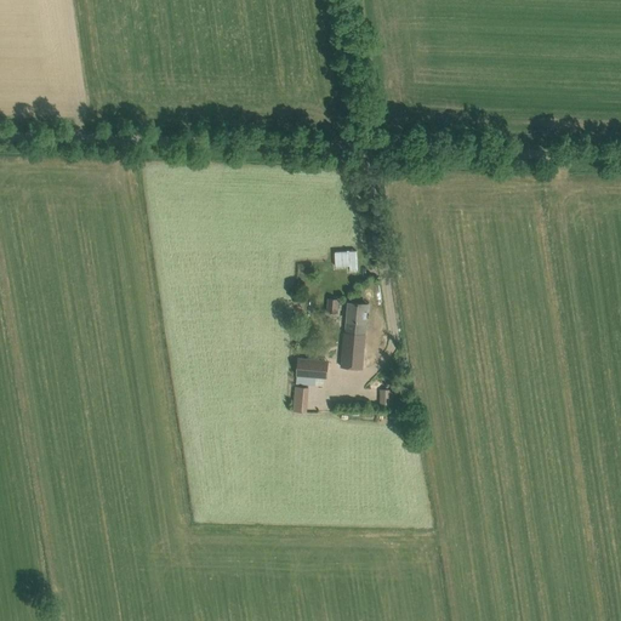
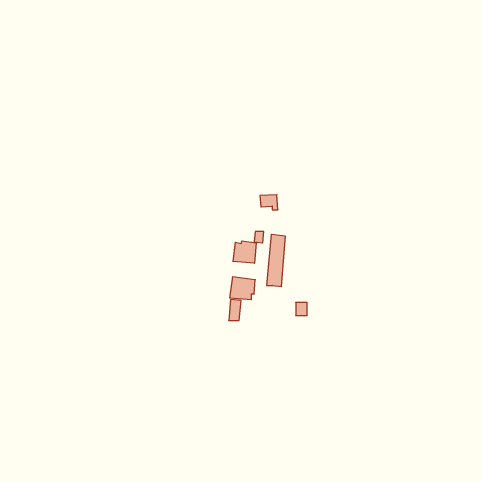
building: none -> [233,241,256,263]

